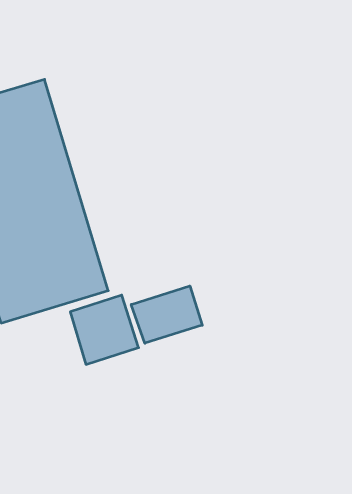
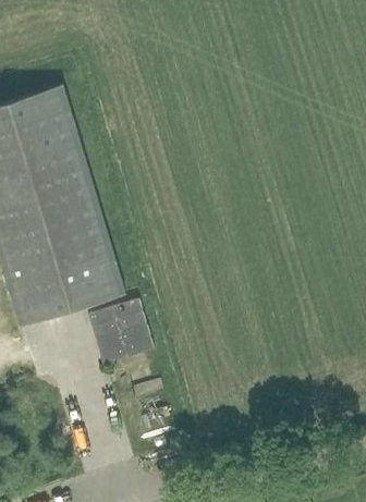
building: [131,286,202,343] -> none

